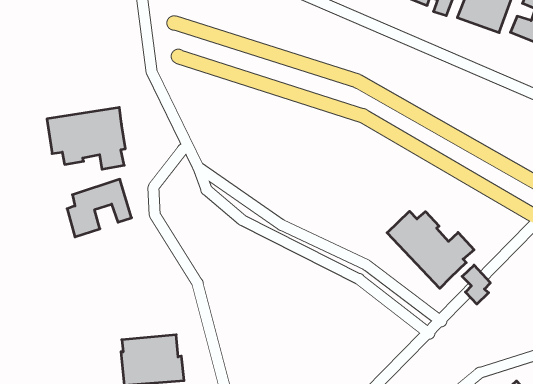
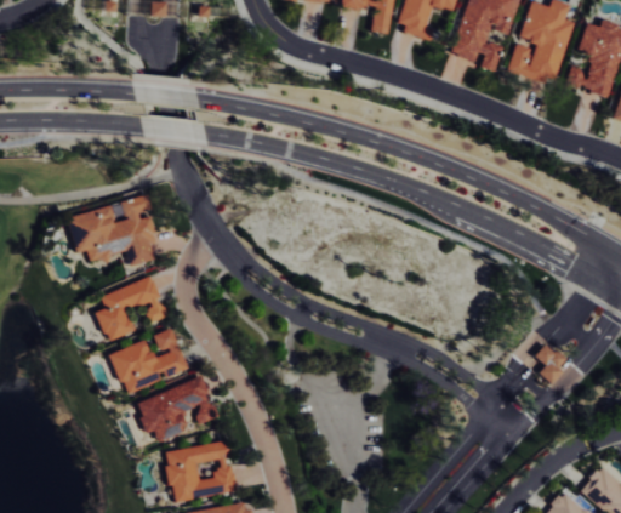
building: [387,211,474,288] -> none
building: none -> [108,329,186,393]
building: none -> [133,376,218,441]

